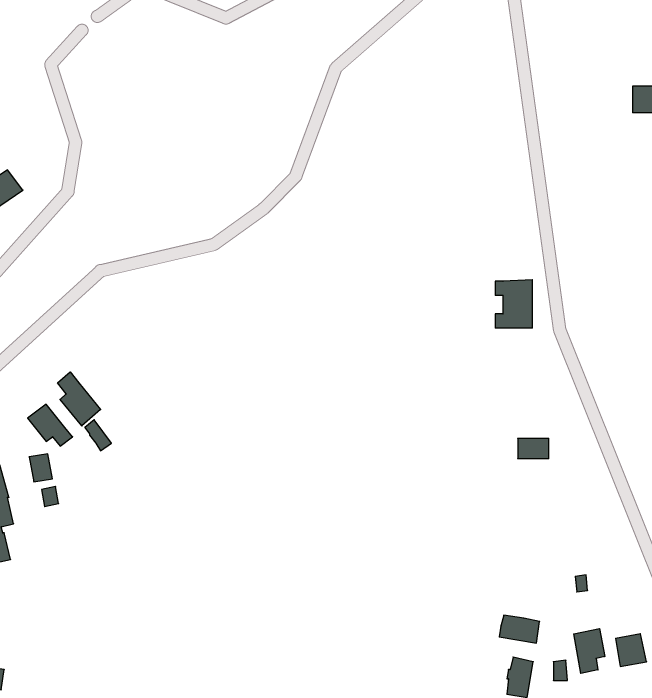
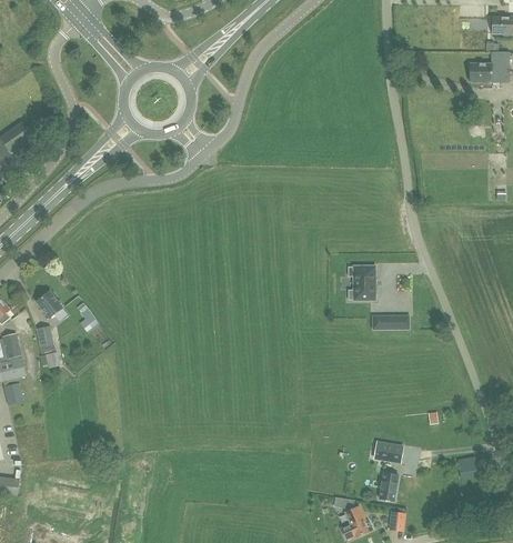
building: [495,280,532,328] -> [348,264,374,299]
building: [58,372,101,426] -> none
building: [574,629,605,673] -> none

